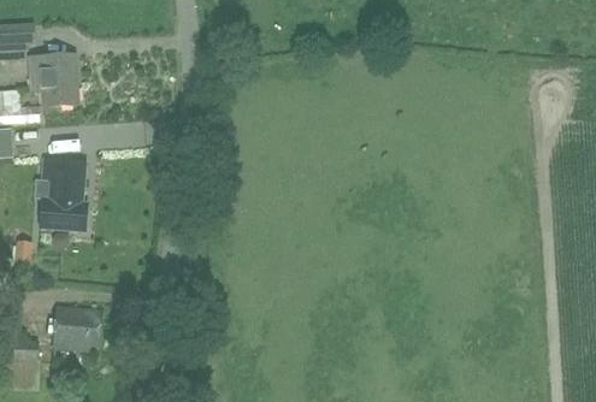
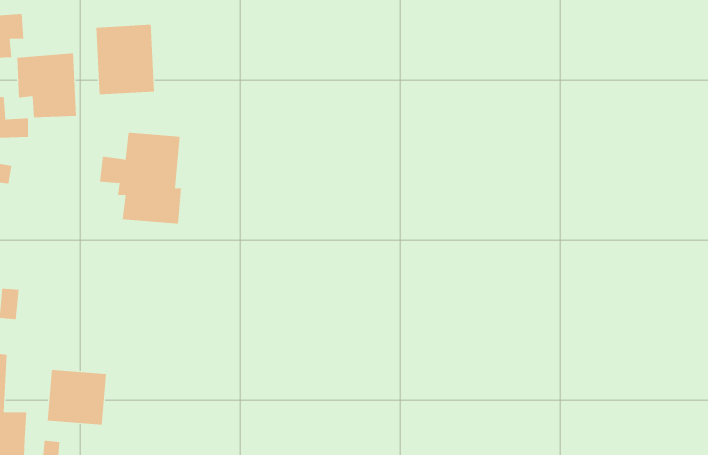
building: none -> [96,24,154,95]
building: [19,156,85,230] -> [99,132,182,224]

